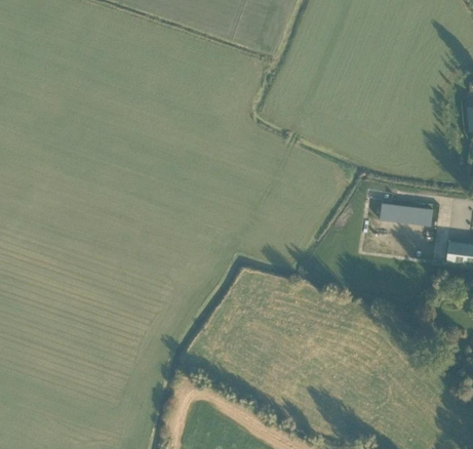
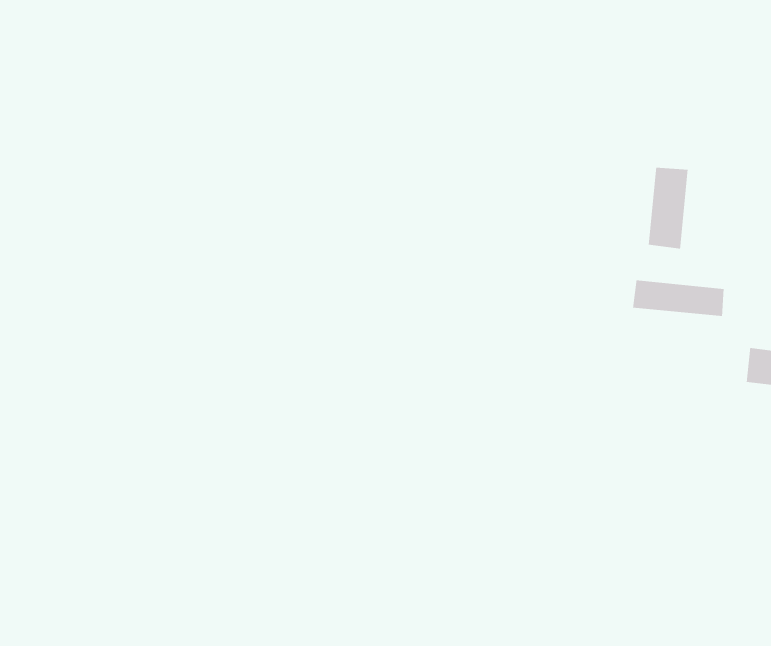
building: none -> [648,167,689,249]

